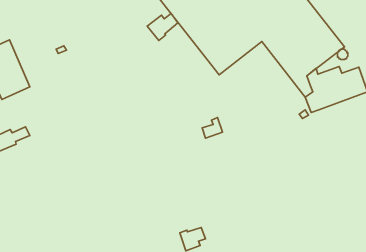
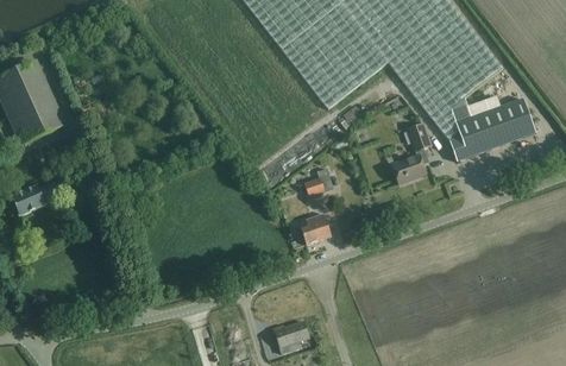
building: [147,13,178,41] -> none
building: none -> [392,122,432,183]
building: none -> [300,213,331,244]

